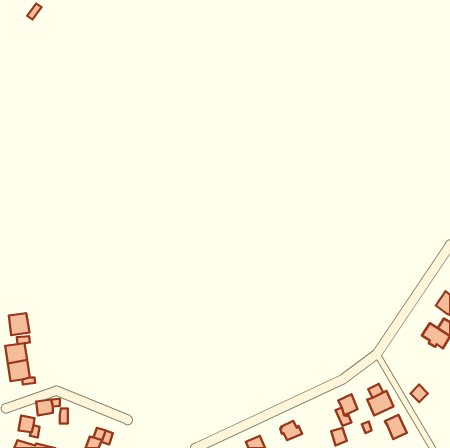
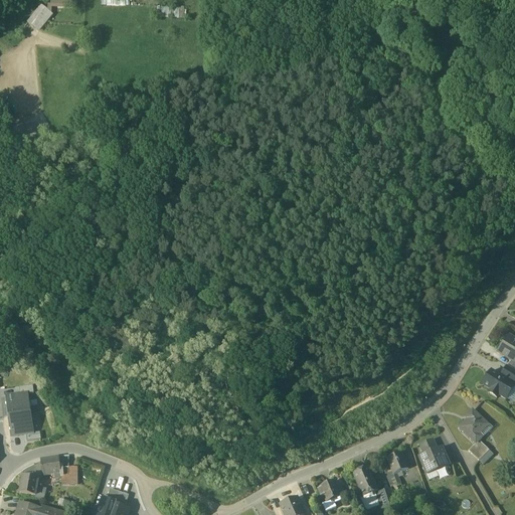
building: [9,313,29,335] -> none
building: none -> [459,408,488,443]
building: none -> [353,466,380,497]
building: [385,415,407,439] -> none

